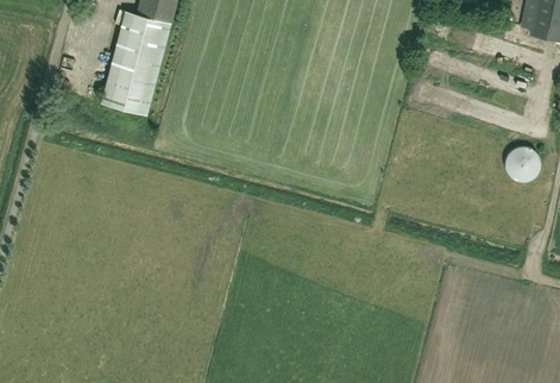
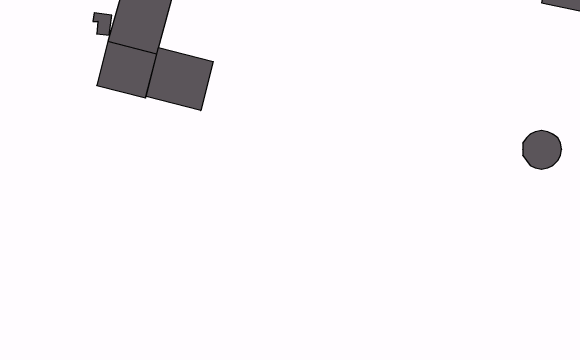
building: none -> [146,48,213,111]

